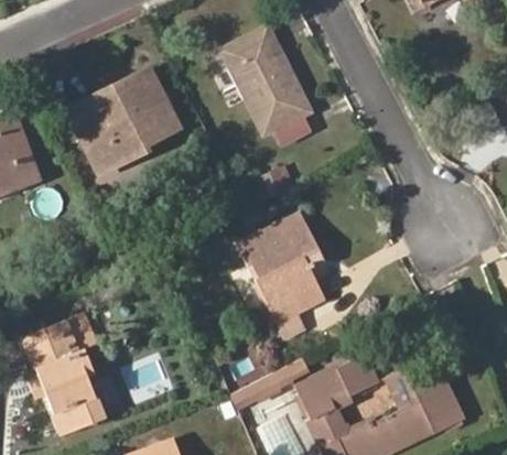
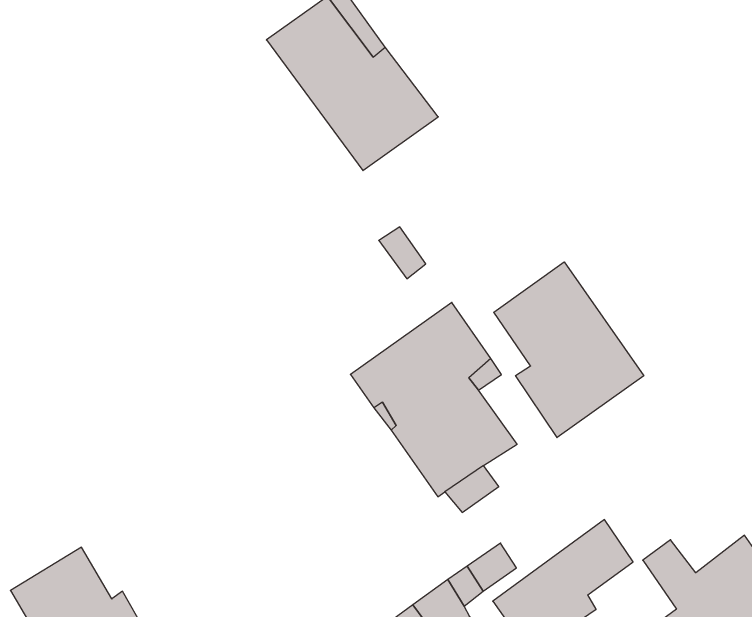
building: [69,69,180,173] -> none
building: none -> [494,262,644,438]

